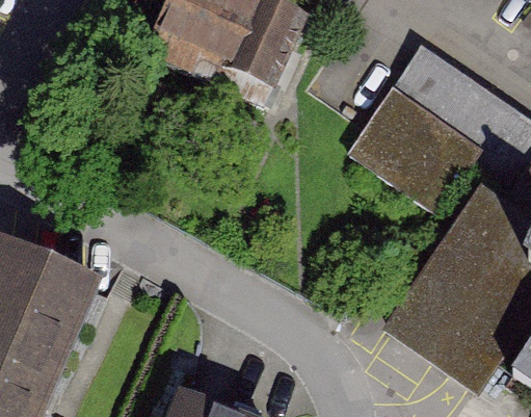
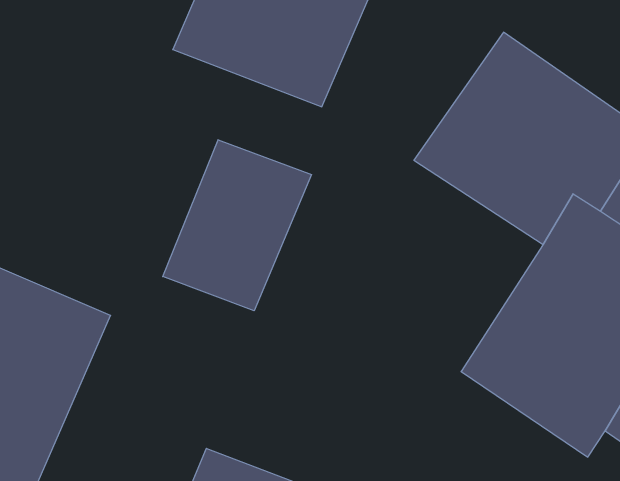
building: none -> [163,140,312,311]

